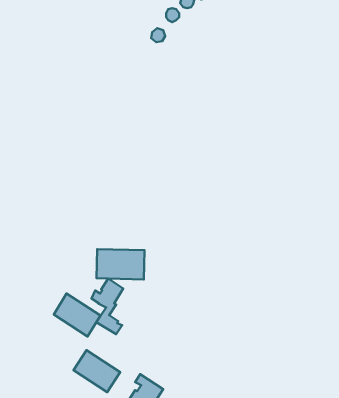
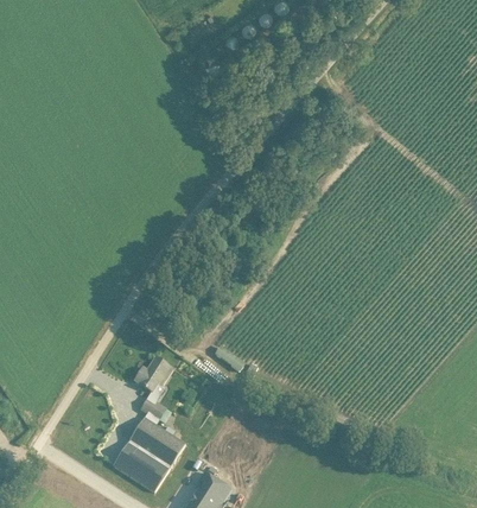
building: [97,249,145,279] -> none
building: [54,294,101,336] -> [128,415,184,466]

